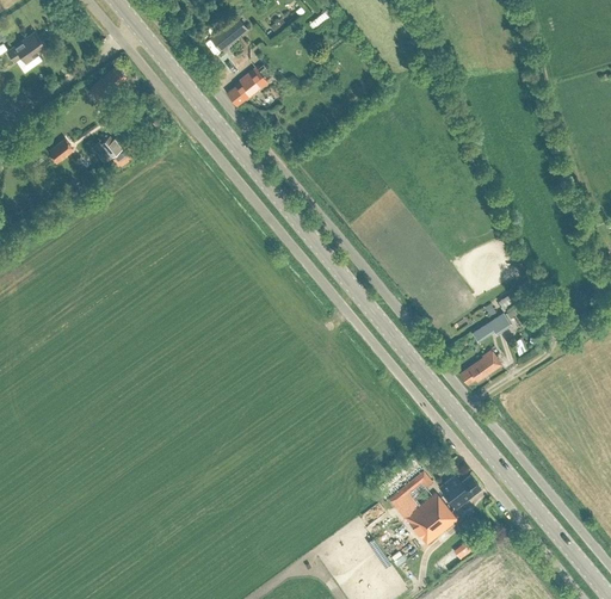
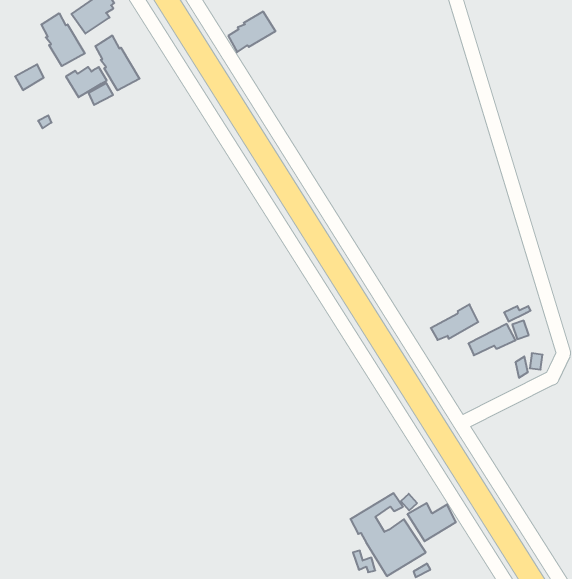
building: none -> [41,13,85,66]
building: none -> [95,35,140,90]
building: [461,350,501,384] -> [431,304,478,340]

